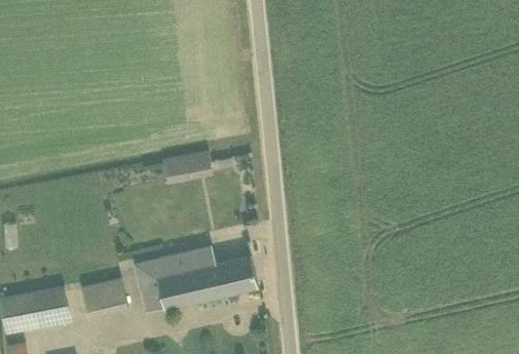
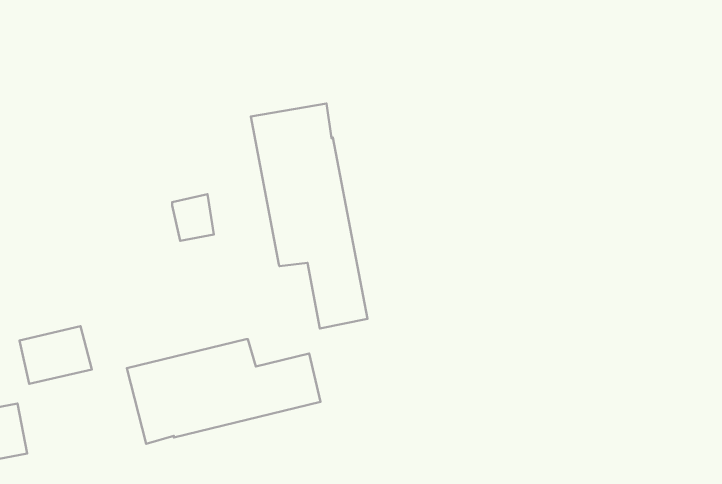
building: none -> [251,104,368,329]
building: [81,277,127,314] -> [19,326,92,384]

